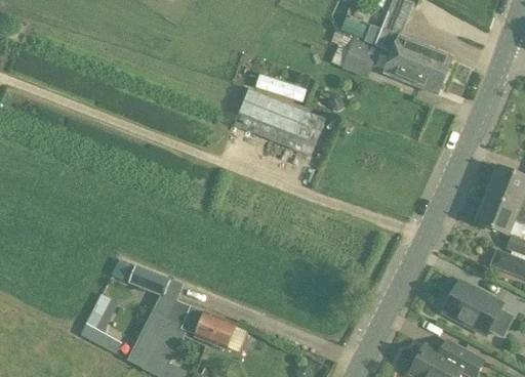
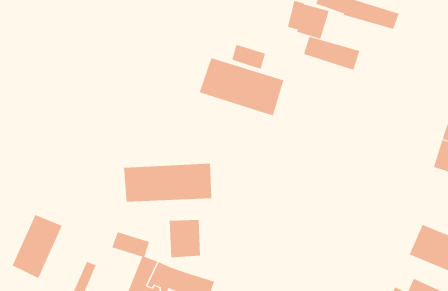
building: [385,53,445,93] -> [303,36,360,71]
building: none -> [124,163,212,203]
building: none -> [12,214,62,279]
building: none -> [169,219,200,258]

